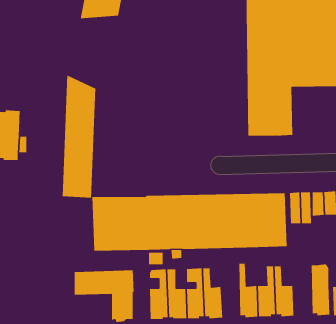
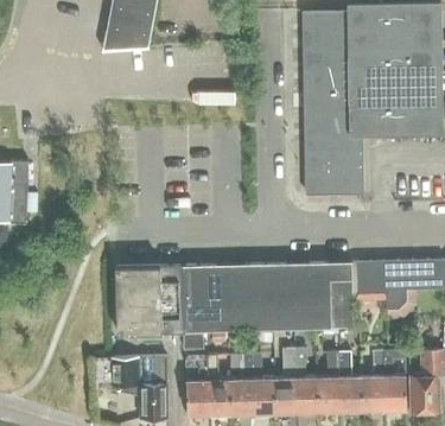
building: [62,74,96,198] -> none
building: none -> [274,348,297,414]
building: none -> [362,350,384,412]

